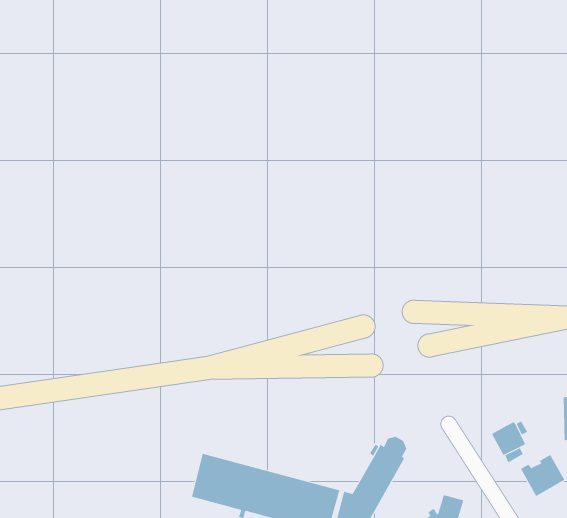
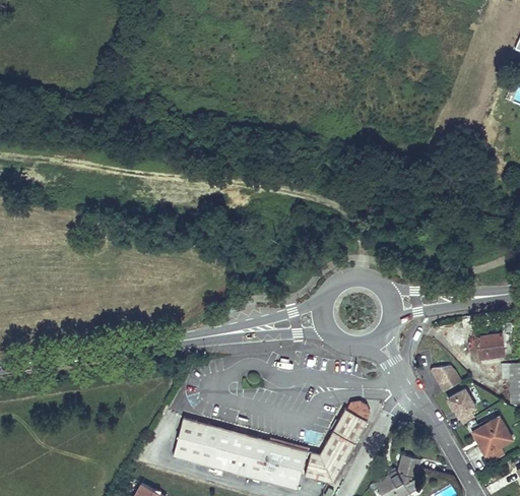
building: none -> [477,332,510,357]
building: none -> [430,366,462,393]

